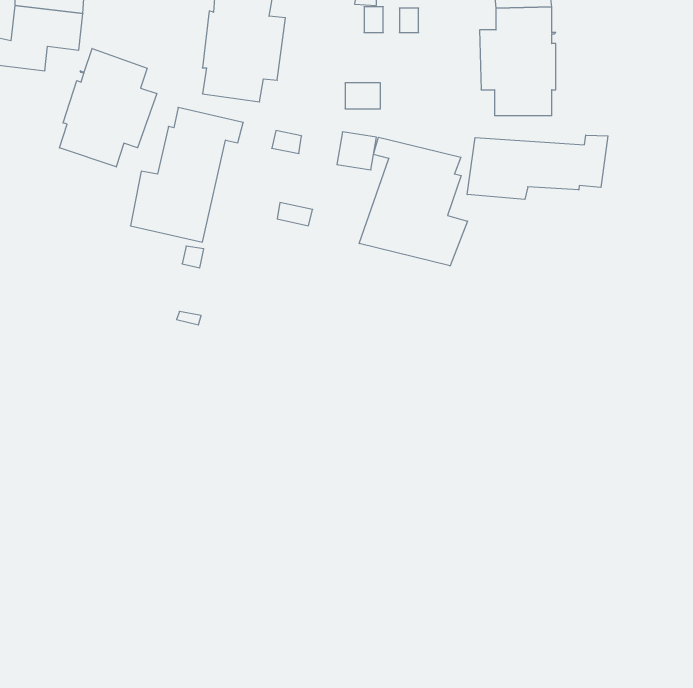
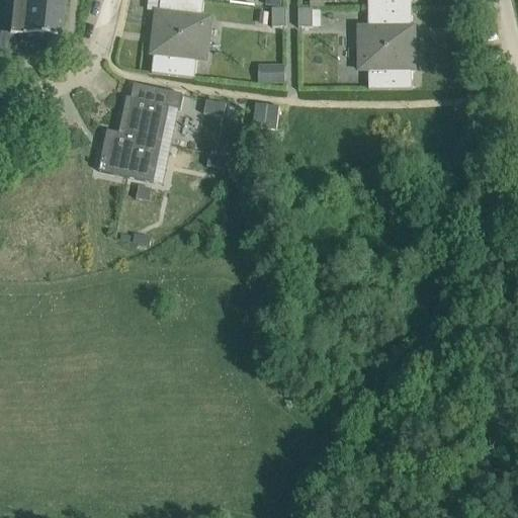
building: [59,48,157,167] -> none
building: [467,135,608,199] -> none
building: [359,137,468,266] -> none

